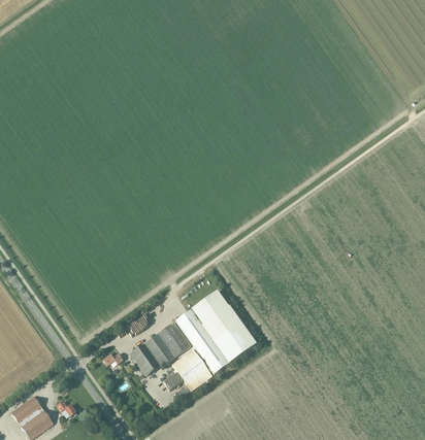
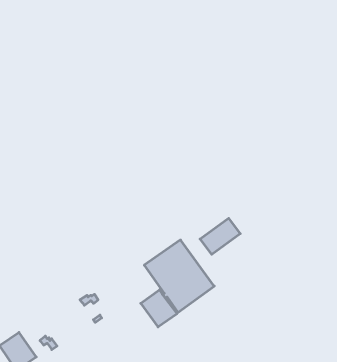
building: none -> [200,218,240,254]
building: [131,320,192,375] -> none

